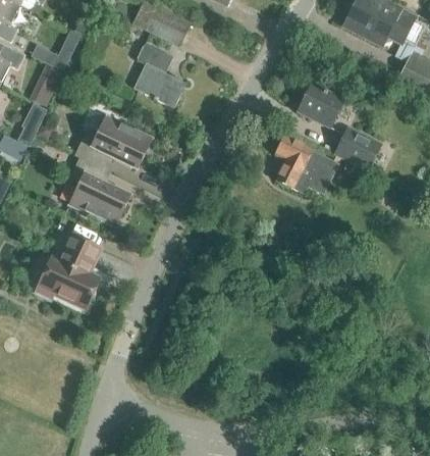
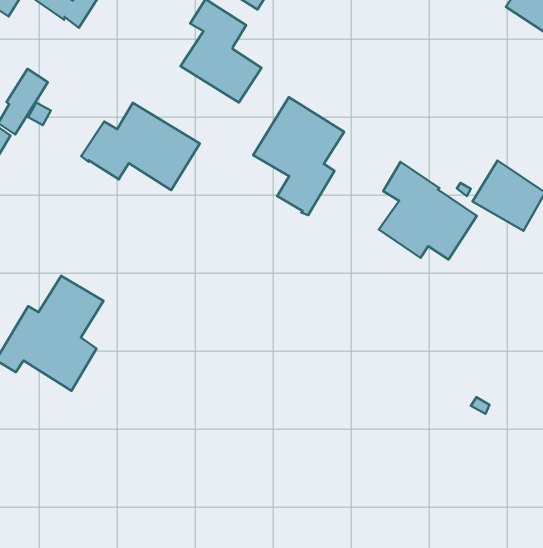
building: [30,64,62,105] -> none
building: [298,84,344,128] -> none
building: none -> [253,97,344,215]
building: [68,154,130,226] -> none

